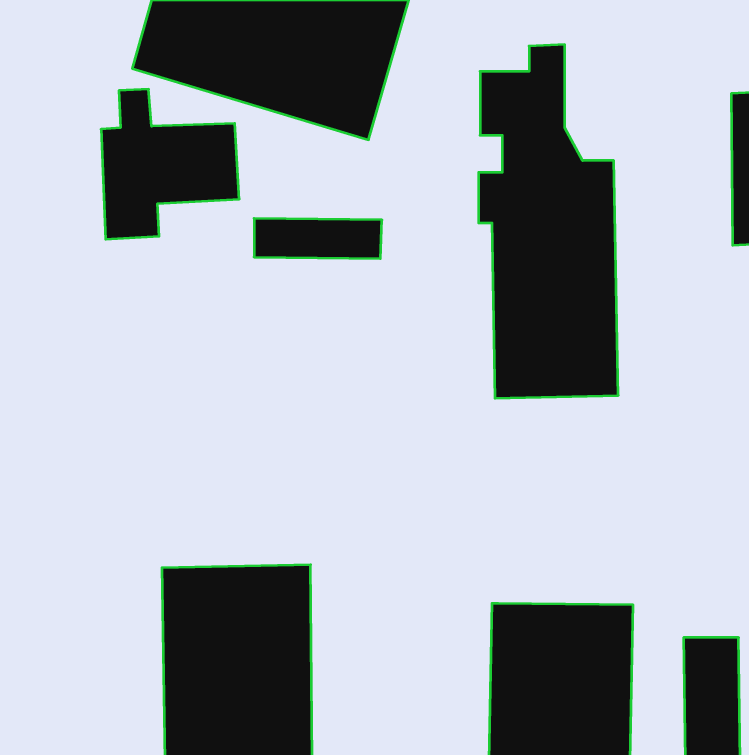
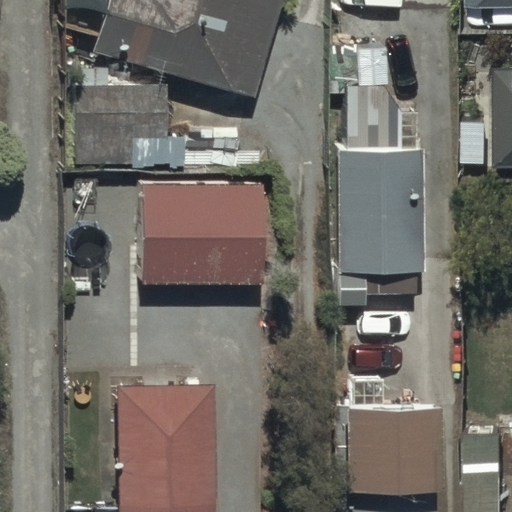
building: none -> [143,185,261,285]

